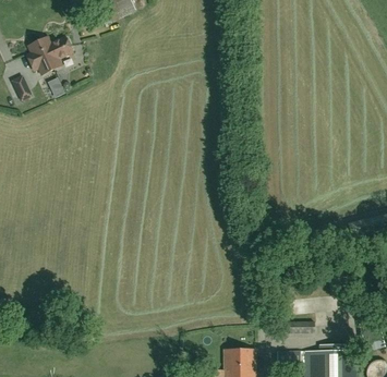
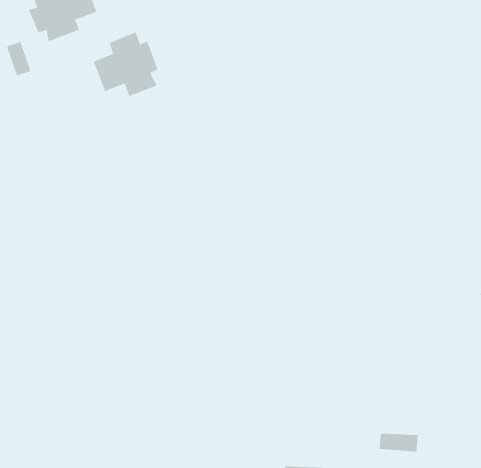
building: none -> [93,31,158,97]

